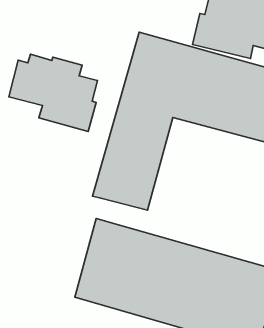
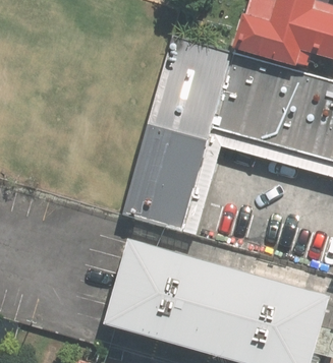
building: [9,54,98,131] -> none

